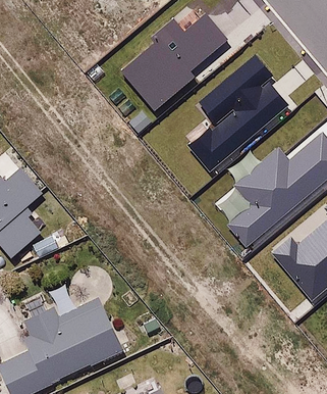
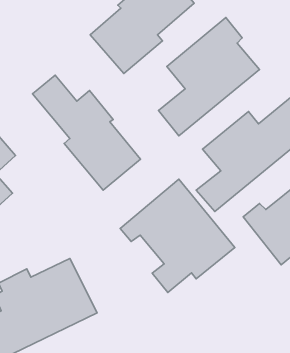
building: none -> [33,75,141,190]
building: none -> [120,179,235,293]

